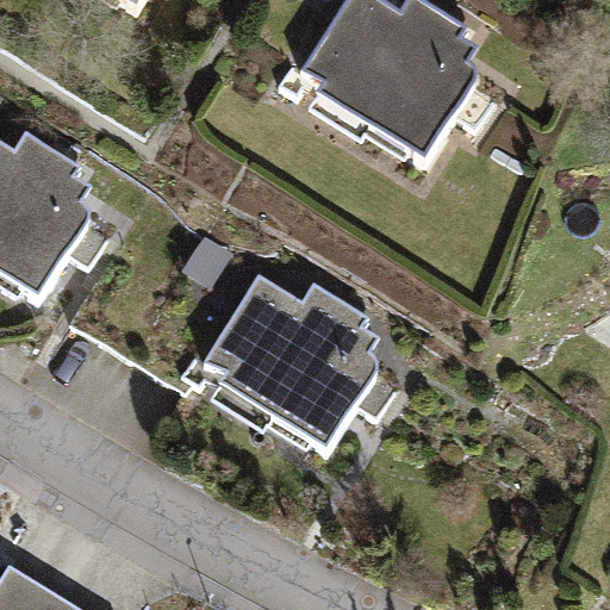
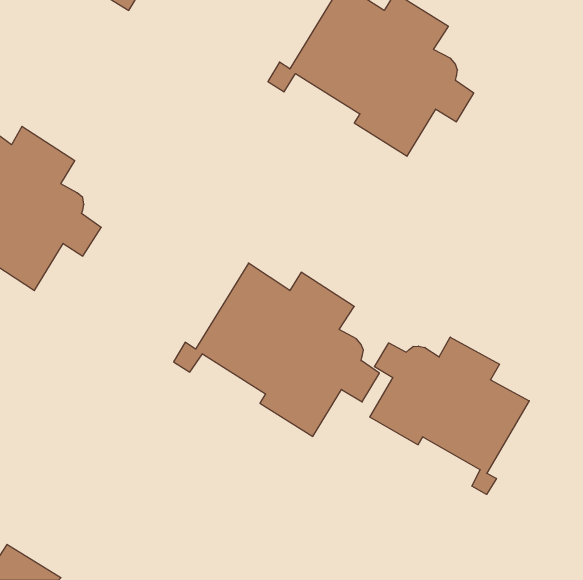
building: none -> [370,337,529,494]

